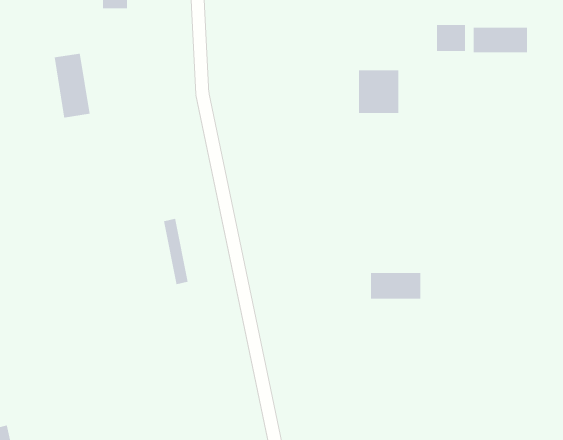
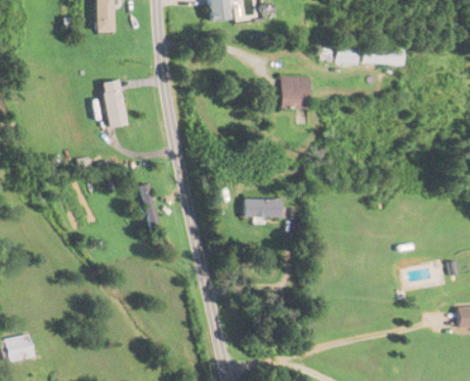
building: [54,53,90,118] -> [101,80,128,127]
building: [370,272,421,299] -> [245,199,282,218]

